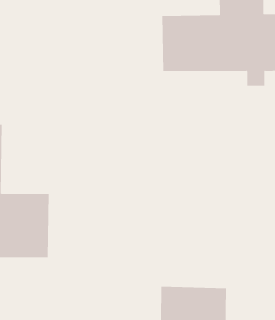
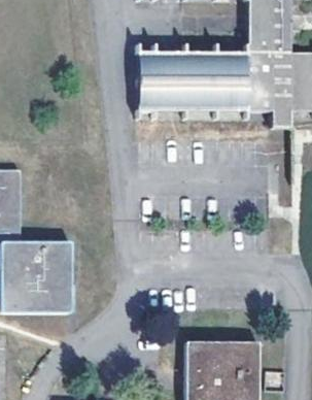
building: none -> [141,55,188,114]

